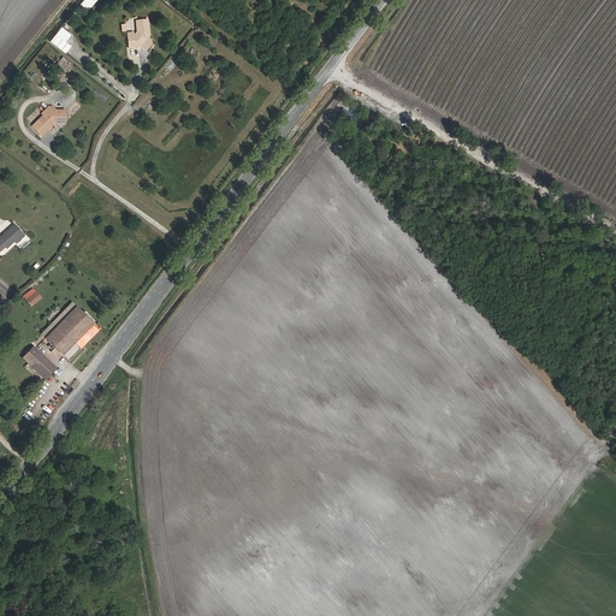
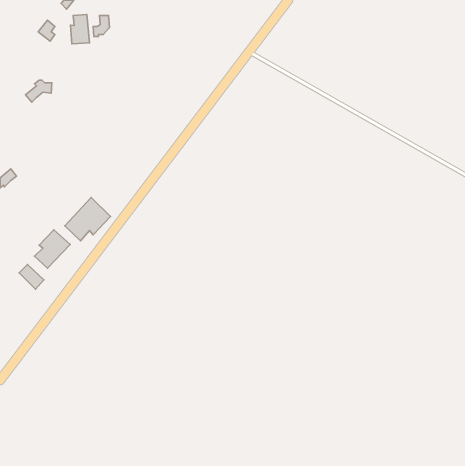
building: none -> [70,14,89,44]
building: none -> [65,197,110,241]

